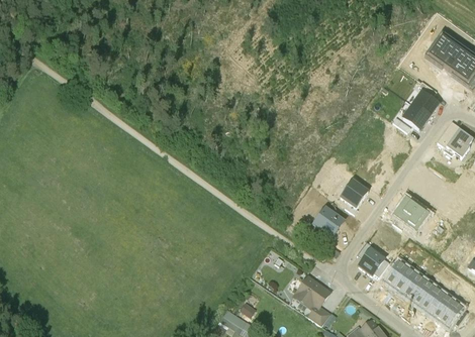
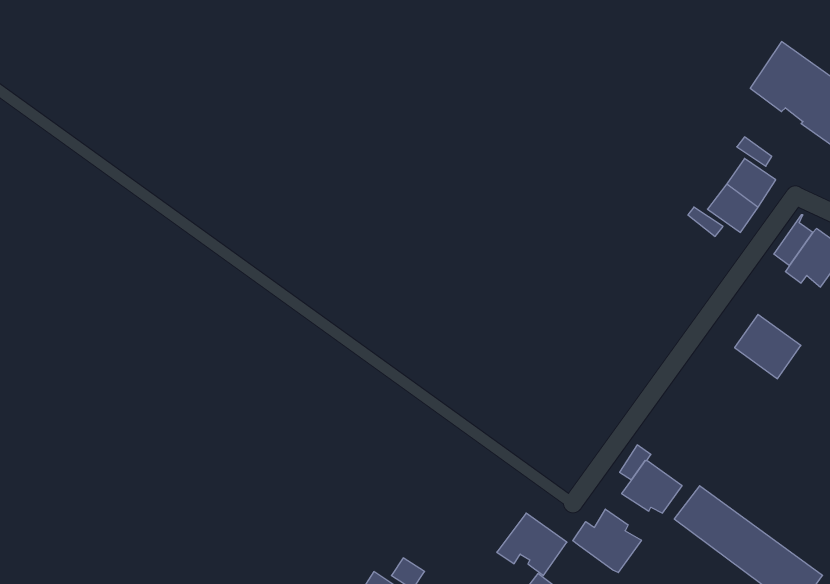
building: [340,181,368,209] -> none
building: [393,198,428,231] -> [735,314,801,379]
building: [313,209,343,237] -> none
building: none -> [573,509,641,573]

